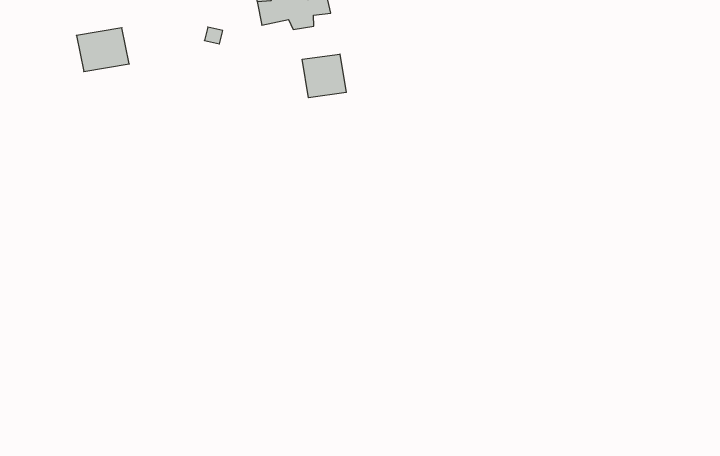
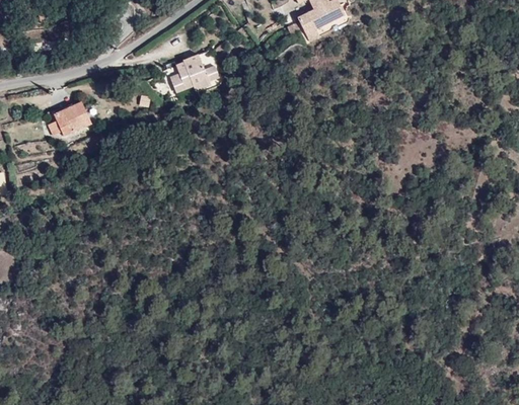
building: [302,54,346,98] -> none

